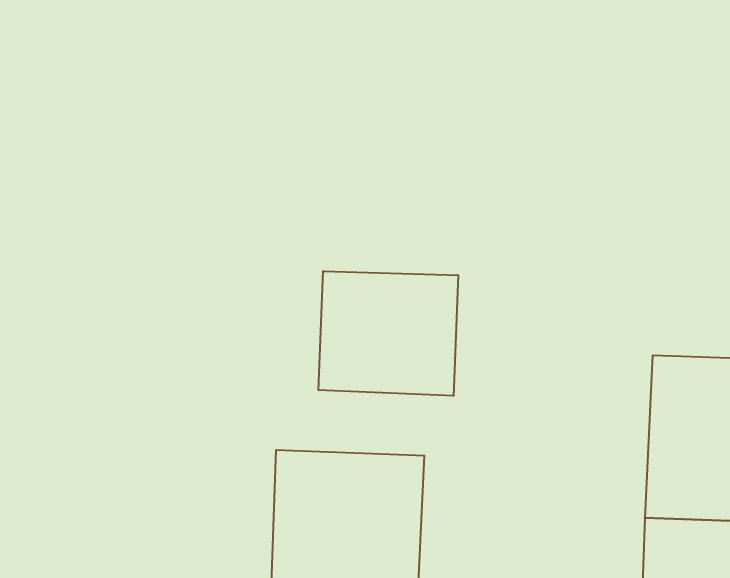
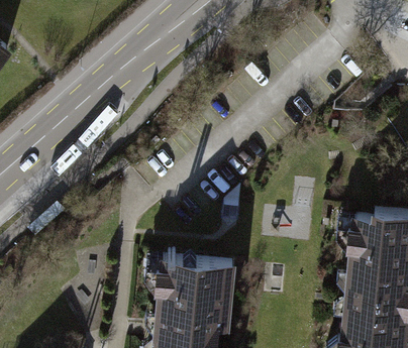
building: [319,271,458,396] -> none

